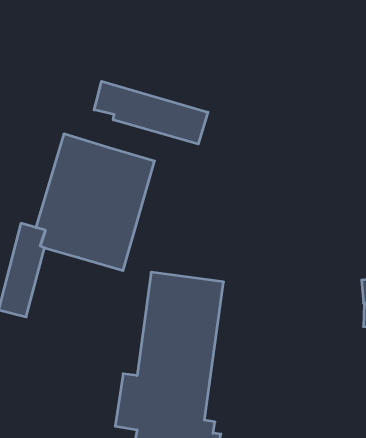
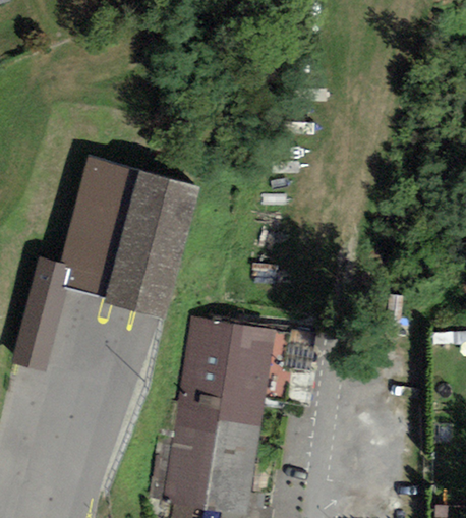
building: [94,81,208,144] -> none

